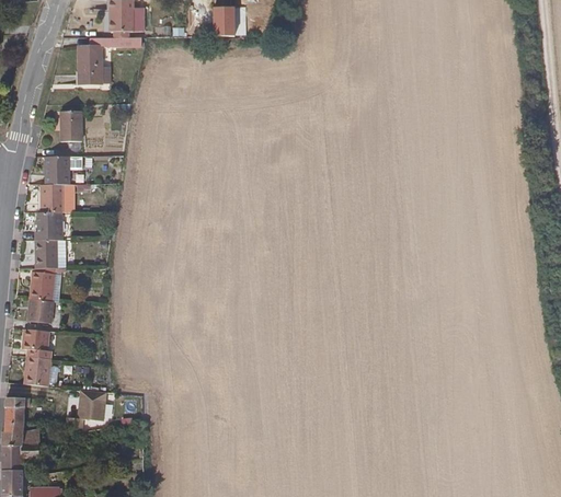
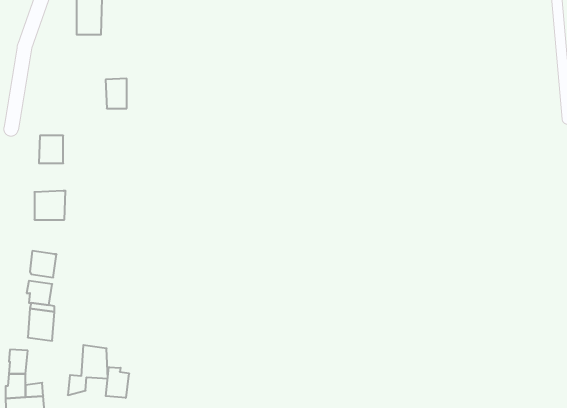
building: [58,111,79,140] -> [106,79,127,108]
building: [39,155,67,183] -> none
building: [34,210,62,239] -> none
building: [32,269,58,300] -> none
building: none -> [106,367,129,398]

